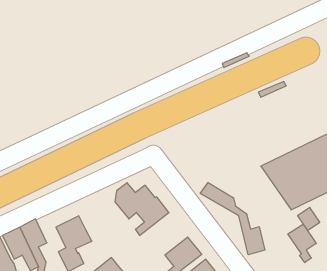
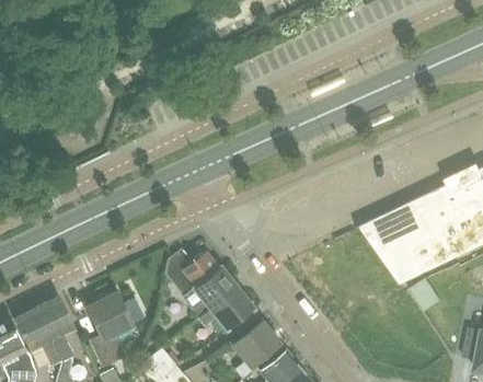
building: [200,183,265,255] -> none
building: none -> [197,287,253,328]
building: [288,224,316,263] -> none

